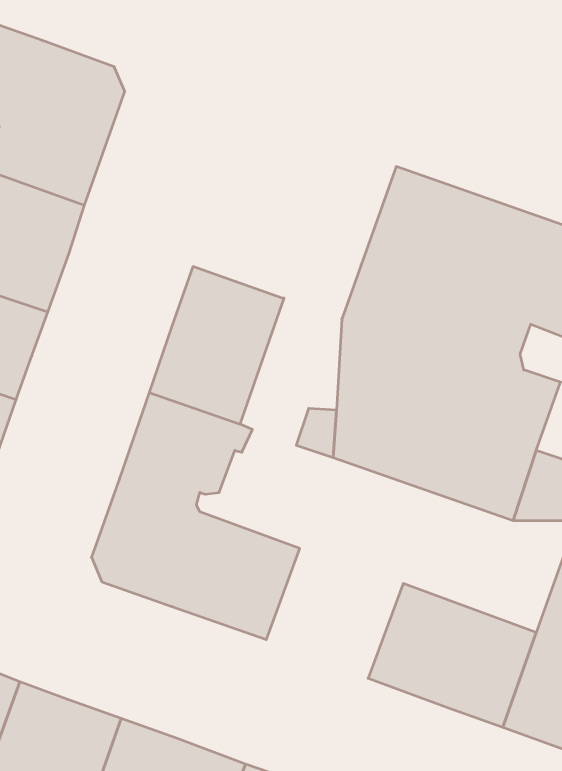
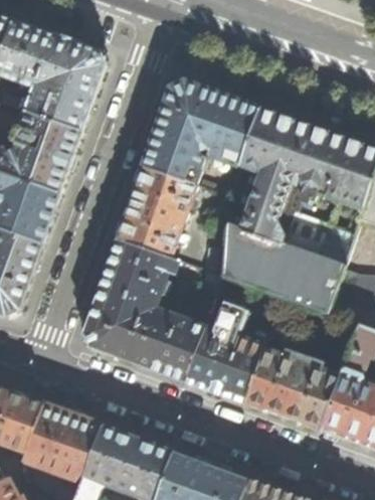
building: none -> [144,82,260,185]
building: none -> [186,303,267,403]

